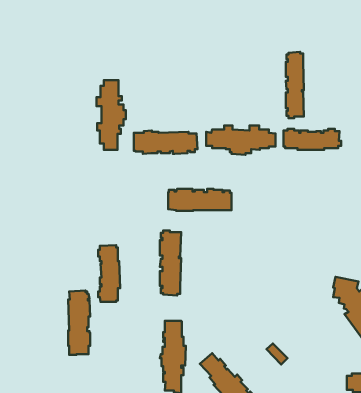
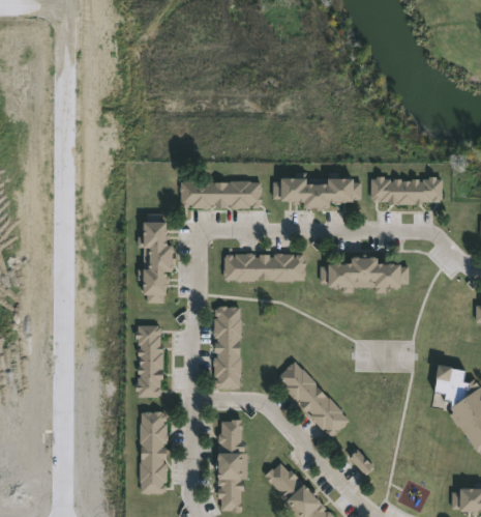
building: [286,52,304,118] -> none
building: [97,80,126,150] -> [138,213,175,303]
building: none -> [321,255,409,292]
building: none -> [278,361,350,436]
building: [68,291,90,355] -> [140,411,168,493]

